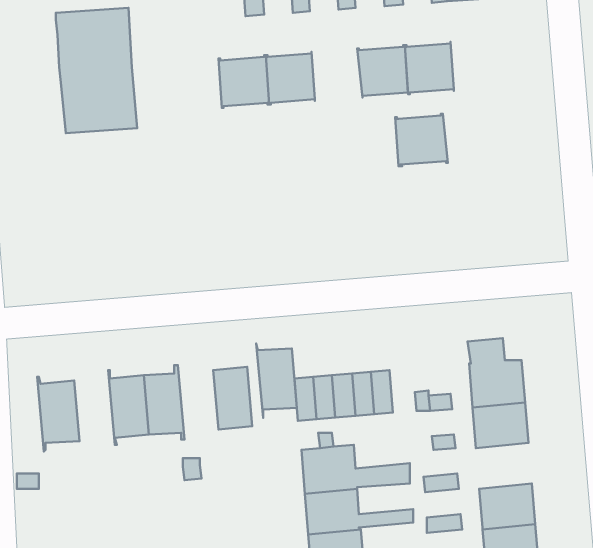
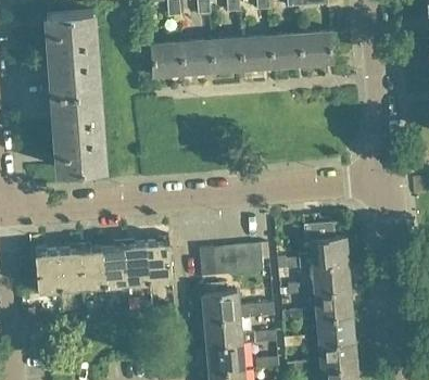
building: none -> [210,37,242,71]
building: [395,114,448,166] -> [299,30,332,64]
building: none -> [52,88,104,168]
building: [256,343,297,418] -> [124,240,150,288]
building: none -> [58,243,84,291]
building: none -> [315,290,351,319]

